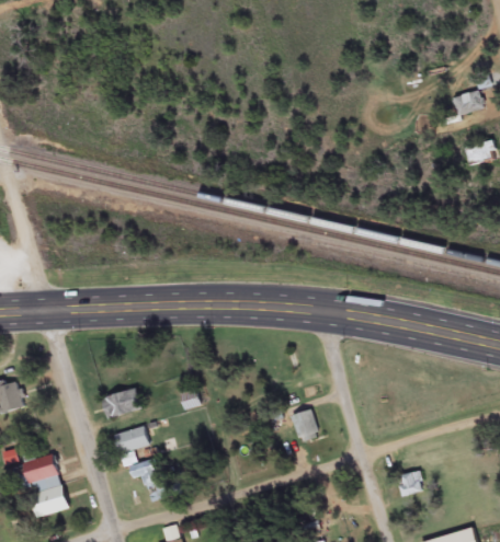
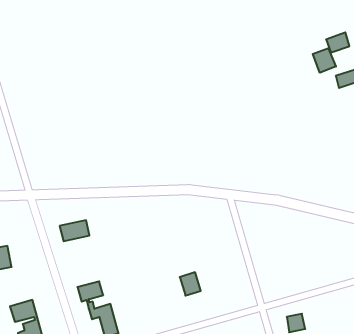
building: none -> [313,48,336,73]
building: [101,389,141,417] -> [60,220,89,241]
building: [291,408,319,440] -> [180,272,201,296]

